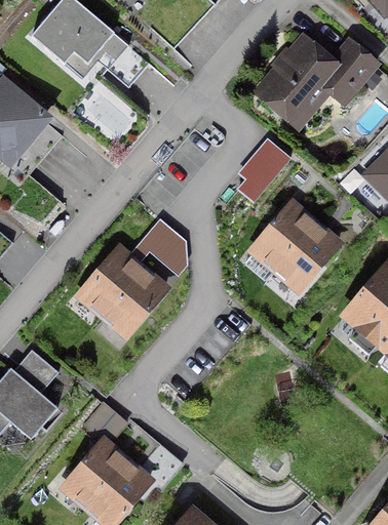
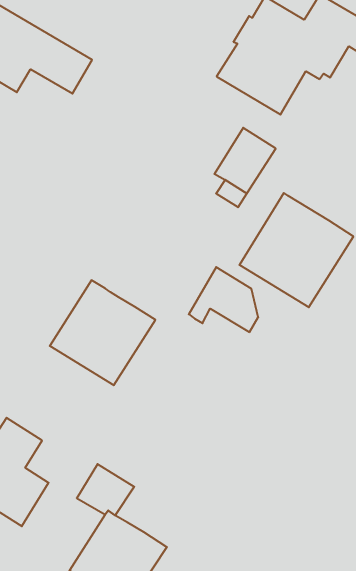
building: [131,217,189,276] -> [189,267,258,332]

